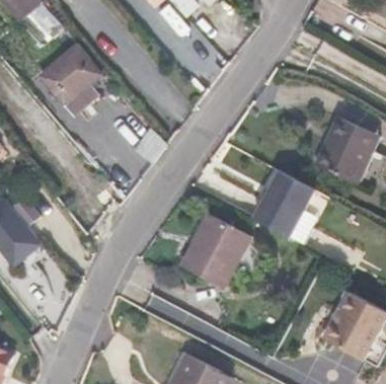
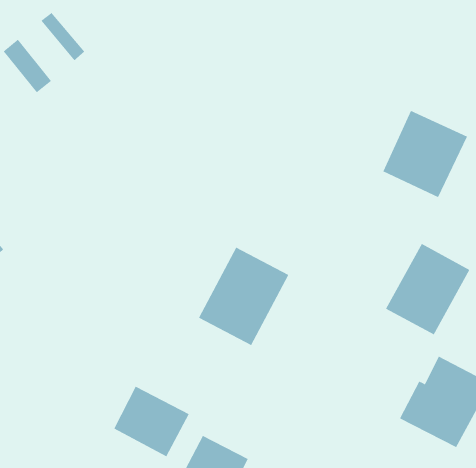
building: [52,53,92,96] -> none
building: [255,171,317,238] -> [385,243,470,335]
building: none -> [114,386,190,457]

